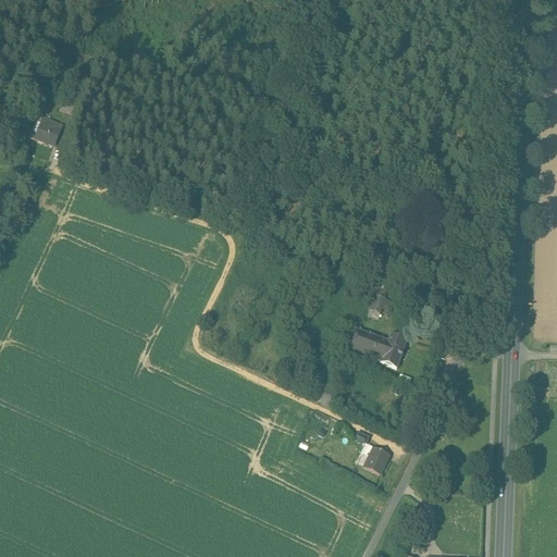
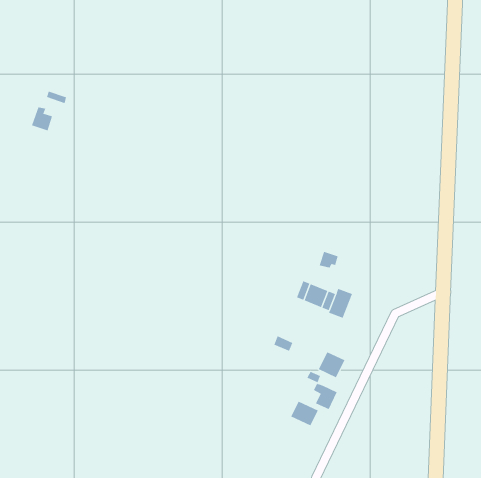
building: none -> [318,351,345,378]
building: none -> [291,401,319,426]

